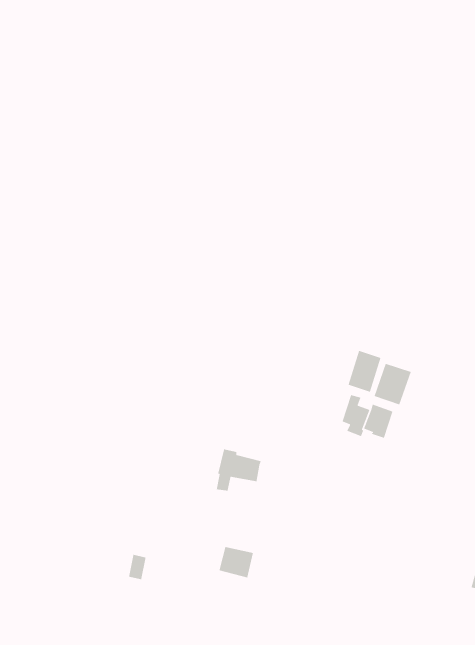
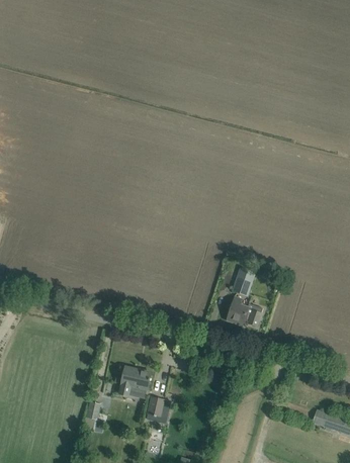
building: [373,363,412,405] -> none
building: [216,448,262,491] -> [119,367,150,395]

